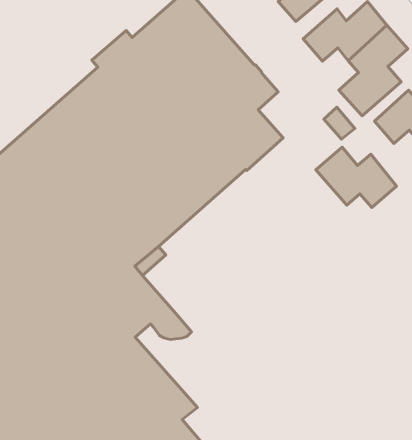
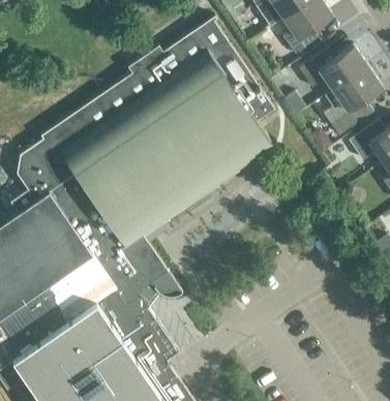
building: [316,147,397,208] -> none

